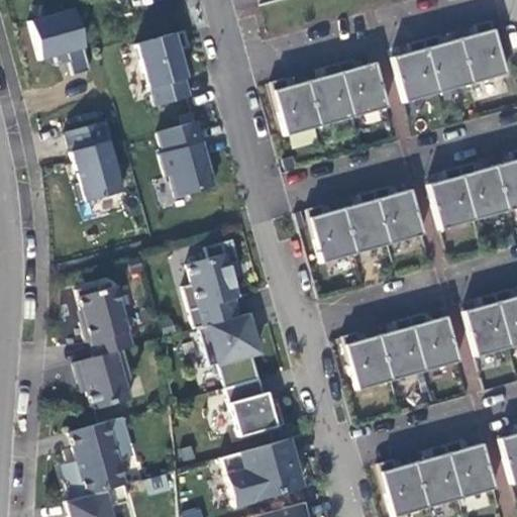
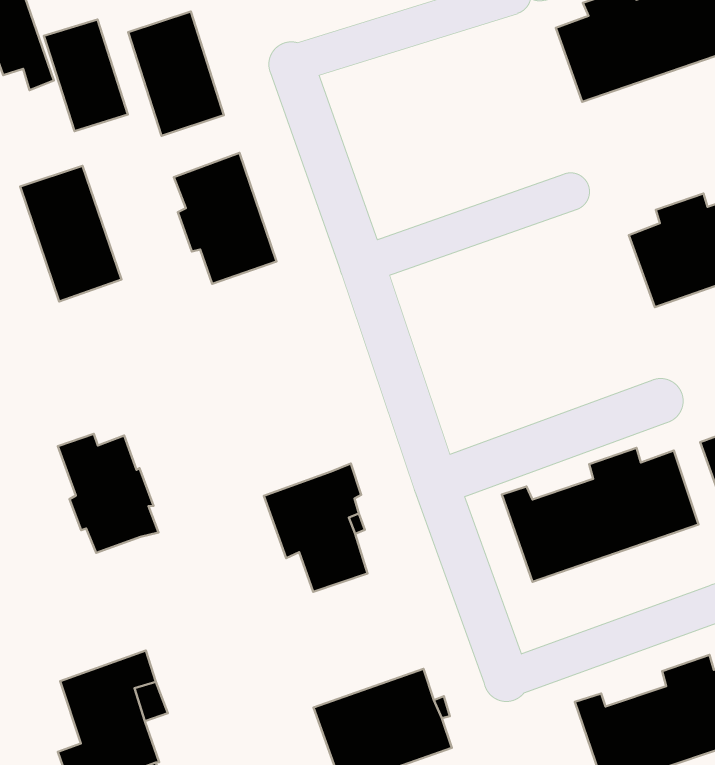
building: none -> [44,19,128,131]
building: [273,58,389,134] -> none
building: [308,185,425,263] -> none
building: [183,238,242,328] -> none
building: [75,347,132,407] -> none
building: [226,378,285,436] -> none

